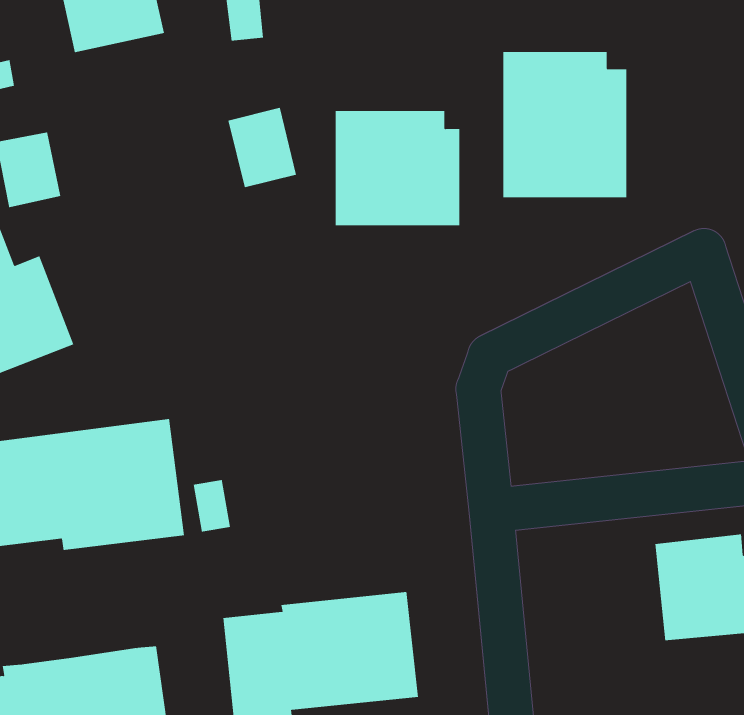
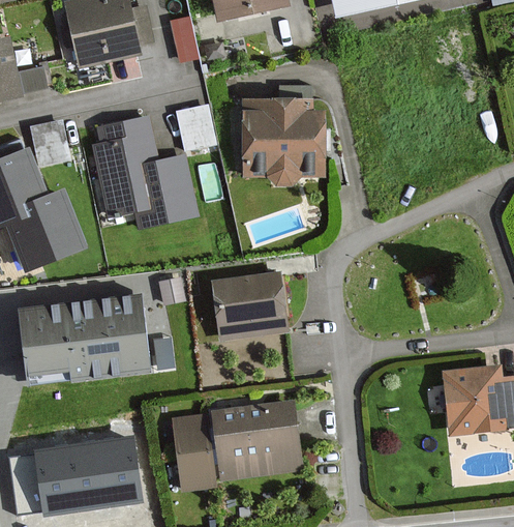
building: [503,51,627,198] -> none
building: none -> [94,117,196,229]
building: none -> [210,271,288,341]

